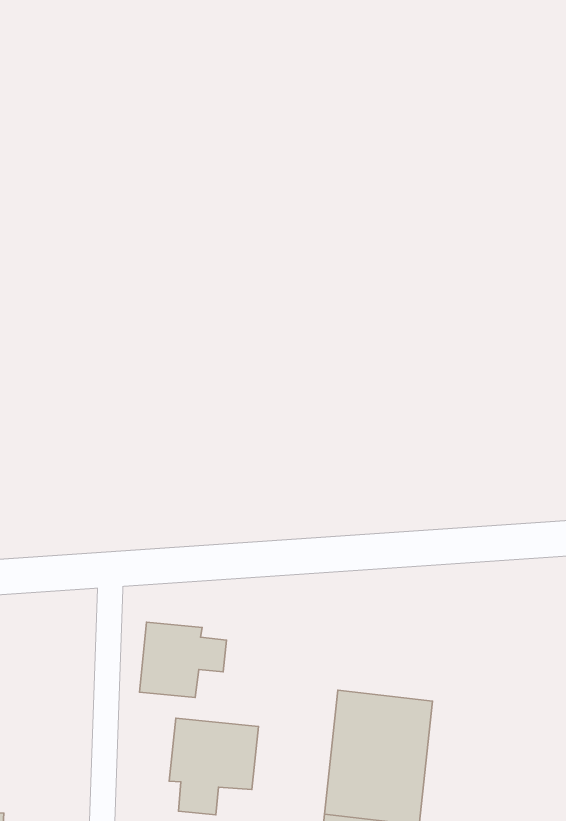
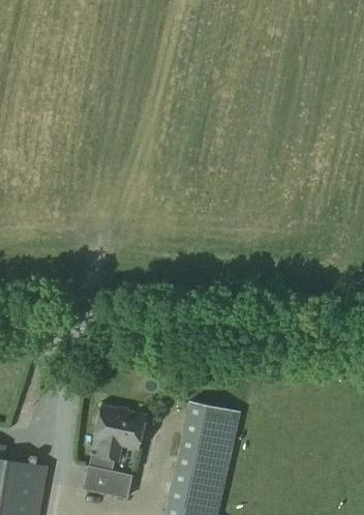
building: [139,622,227,698] -> none

